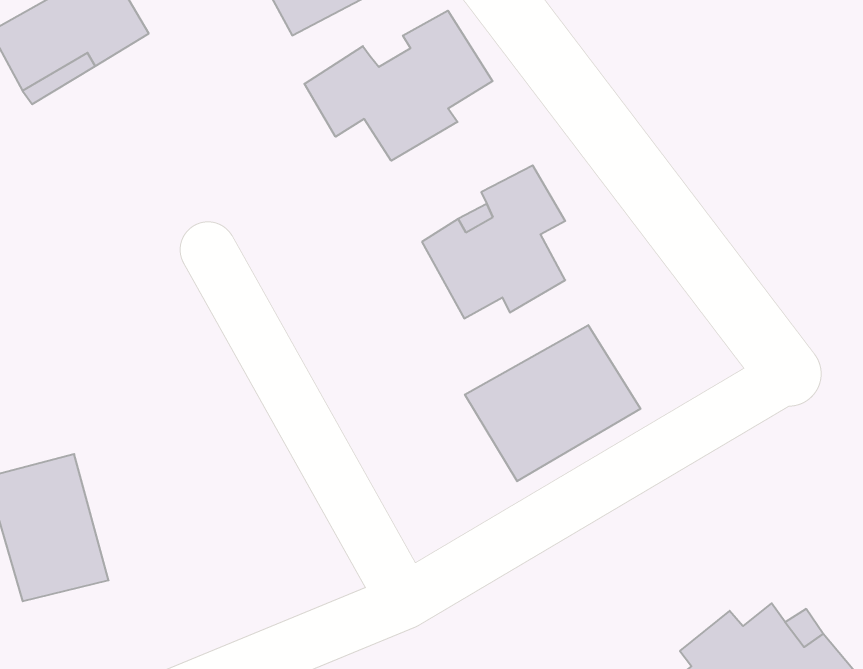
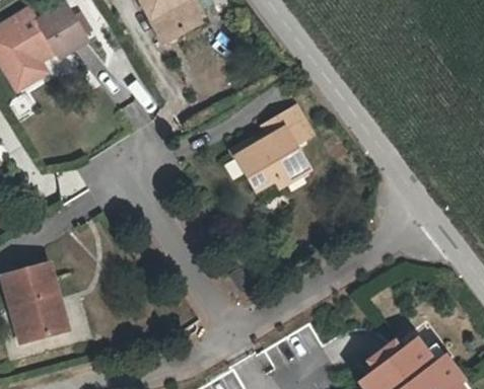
building: [304,11,493,161] -> none
building: [465,325,640,481] -> none

